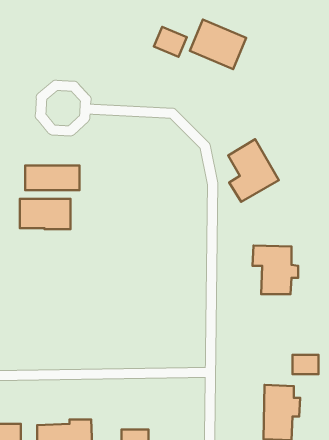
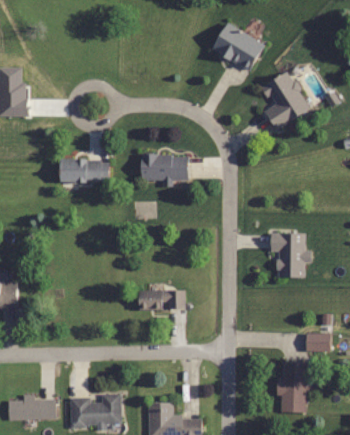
building: [154,27,187,57] -> none
building: [228,139,279,202] -> [263,71,310,129]
building: [20,199,71,229] -> [140,154,187,182]
building: none -> [138,290,185,310]

